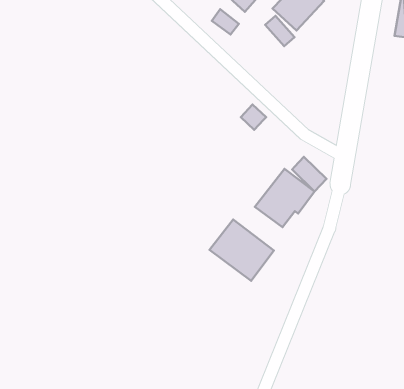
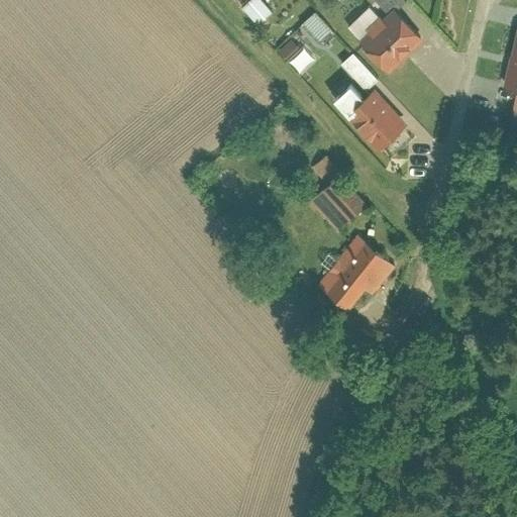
building: none -> [340,91,403,153]
building: [292,157,326,191] -> [322,178,363,220]
building: [209,220,274,281] -> none

